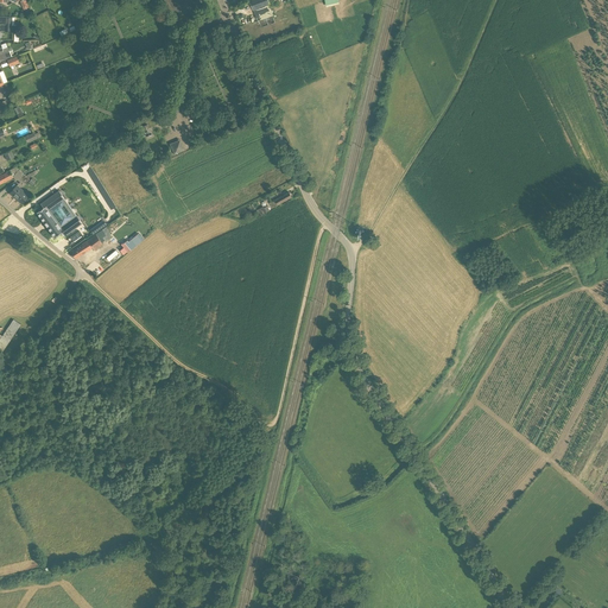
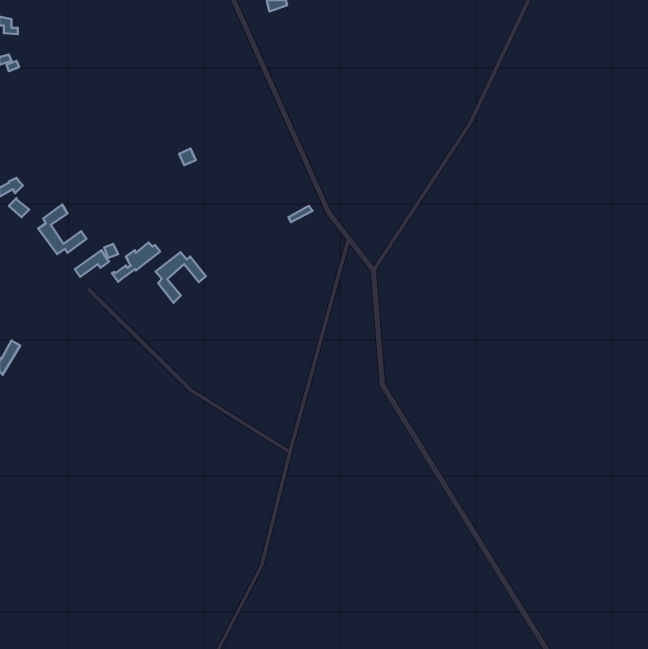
building: none -> [155,252,206,303]

